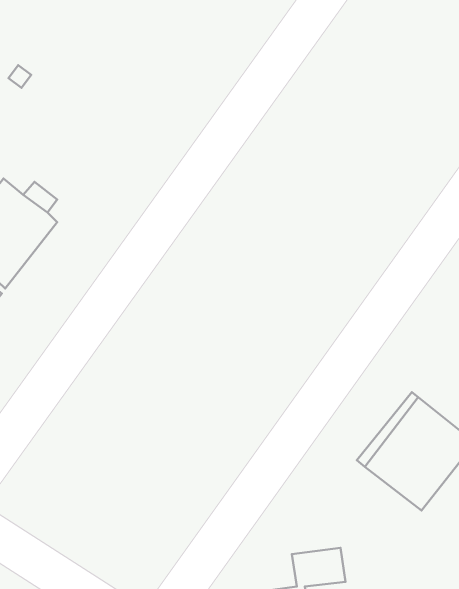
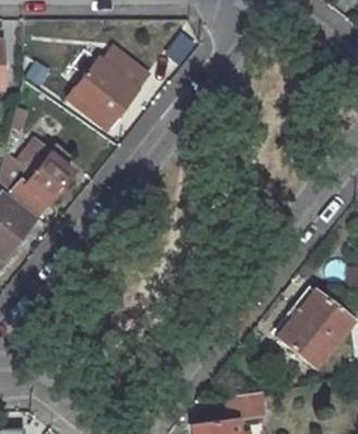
building: none -> [69,48,149,128]

